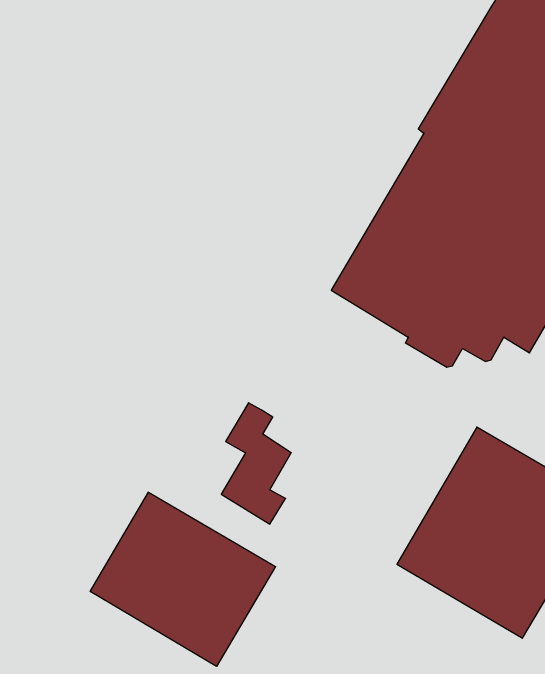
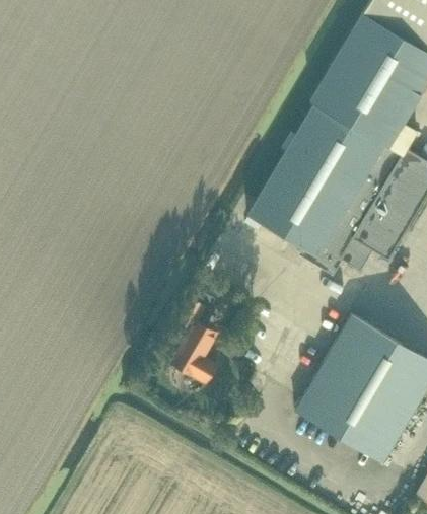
building: [90,492,276,666] -> none

